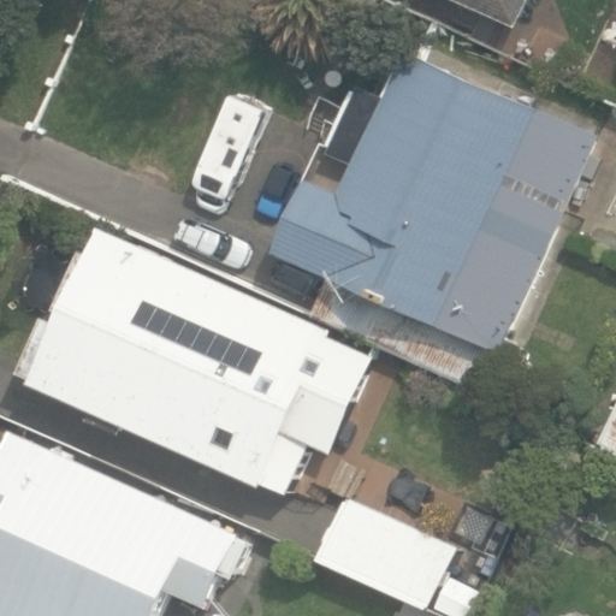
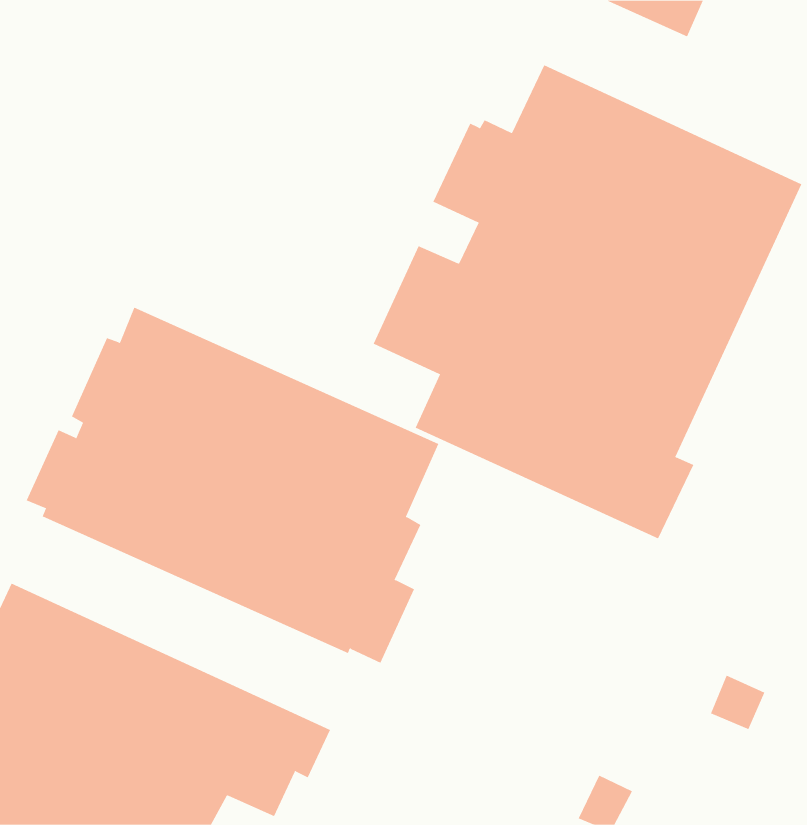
building: [319,498,455,609] -> none

